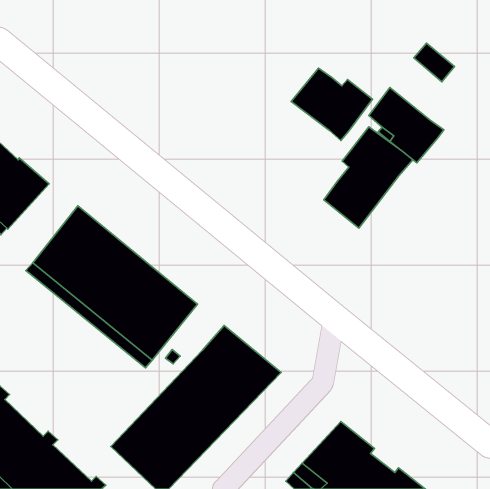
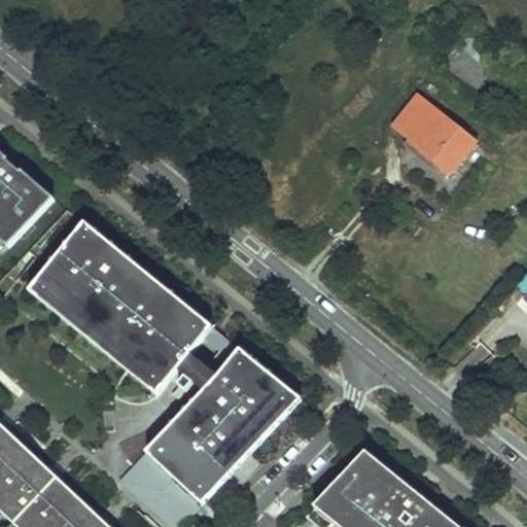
building: [291,68,372,141] -> none
building: [324,127,413,228] -> none

